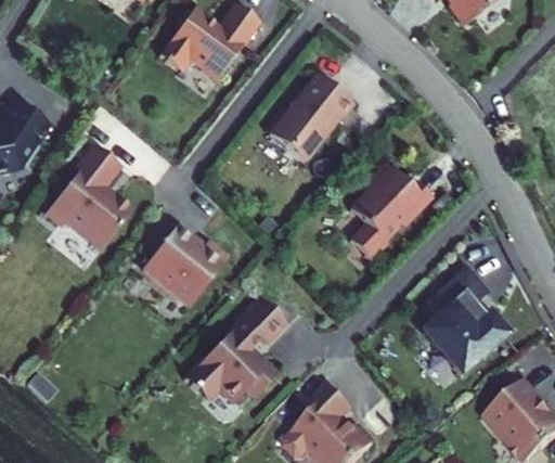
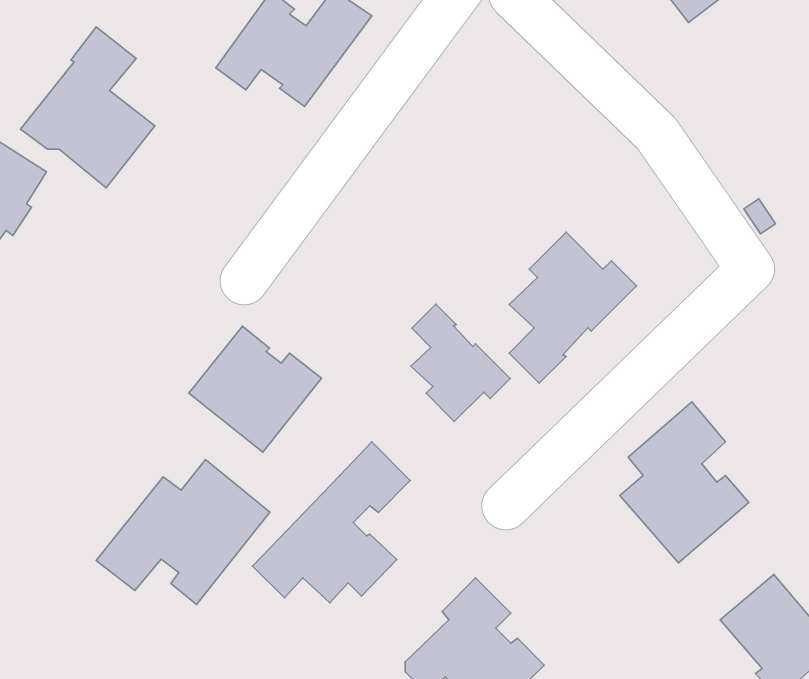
building: [269,73,354,160] -> none
building: [46,144,132,248] -> [21,27,155,188]
building: none -> [411,304,510,421]
building: none -> [96,459,270,605]

